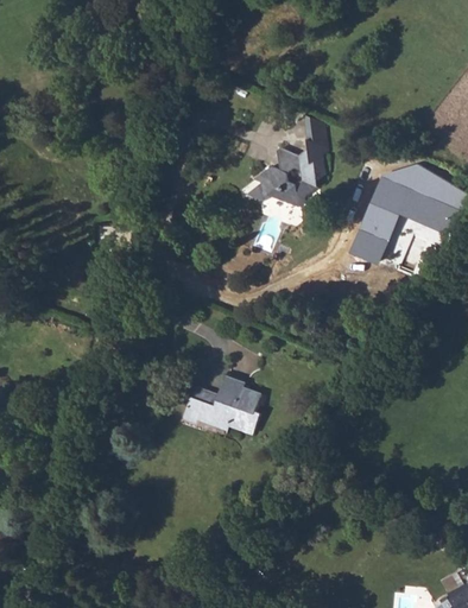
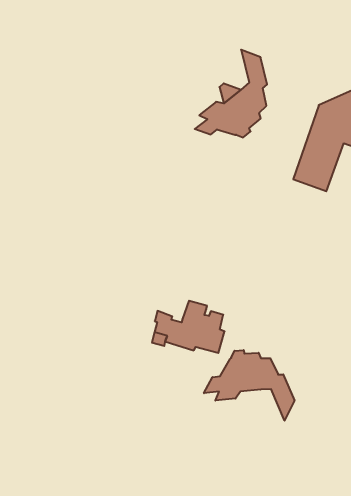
building: none -> [204,350,294,421]

